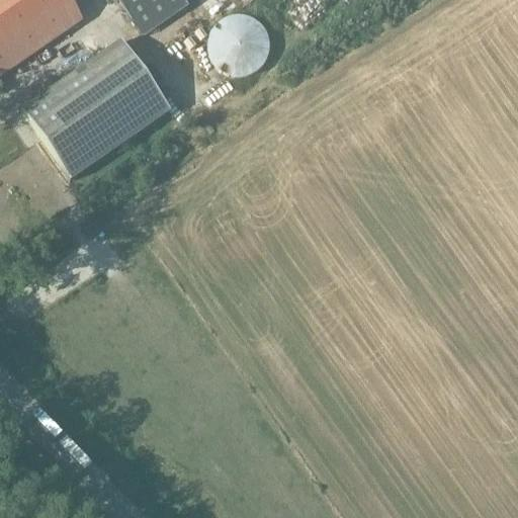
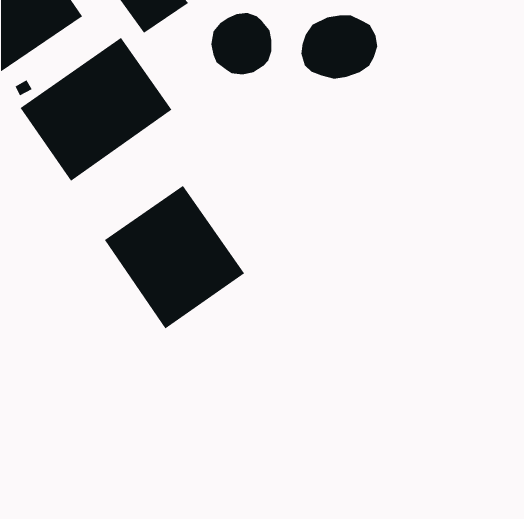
building: none -> [301,14,378,80]
building: none -> [104,185,245,329]

